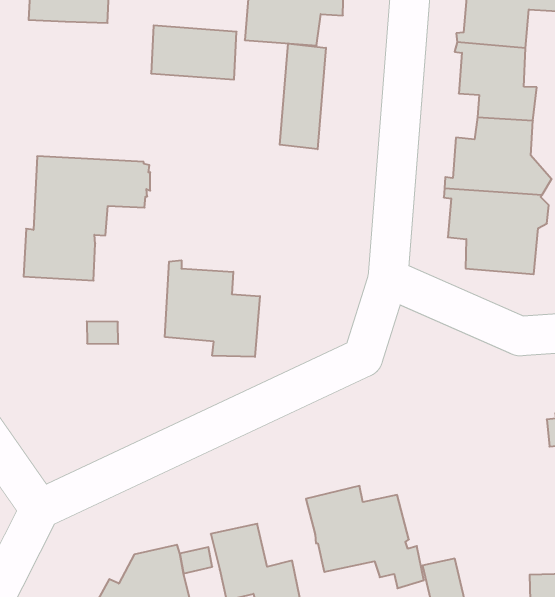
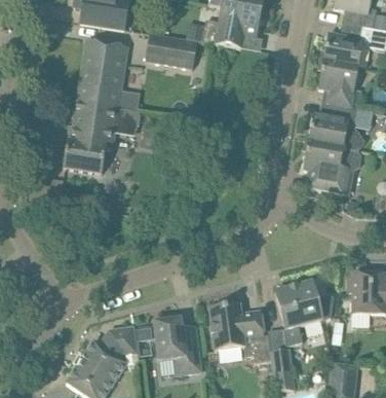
building: [280,43,326,149] -> none
building: none -> [78,39,128,106]
building: [165,260,260,357] -> none
building: none -> [276,281,335,346]

